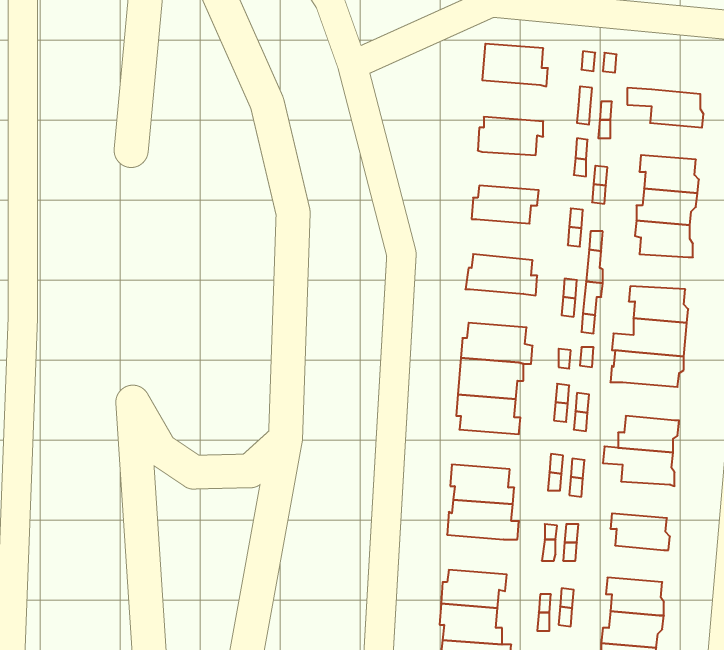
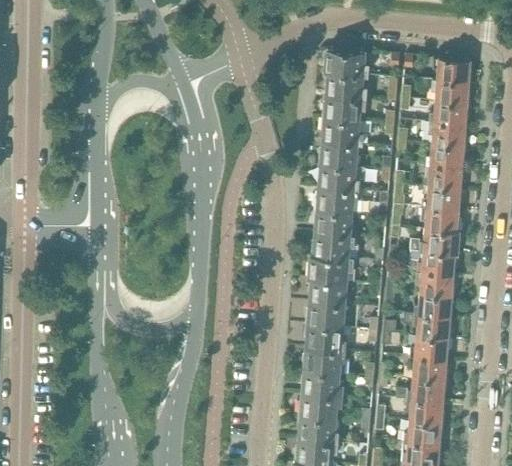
building: none -> [433,60,472,84]
building: none -> [324,75,366,102]
building: none -> [429,103,469,127]
building: none -> [321,121,363,147]
building: none -> [317,166,364,193]
building: none -> [422,189,463,212]
building: none -> [313,212,355,237]
building: none -> [416,273,455,298]
building: none -> [305,304,349,330]
building: none -> [410,338,451,362]
building: none -> [300,373,342,399]
building: none -> [398,380,447,404]

